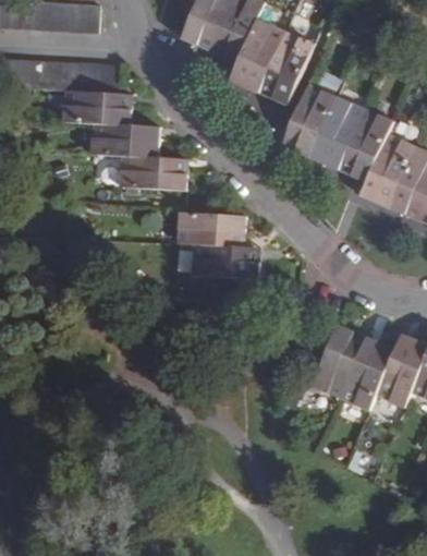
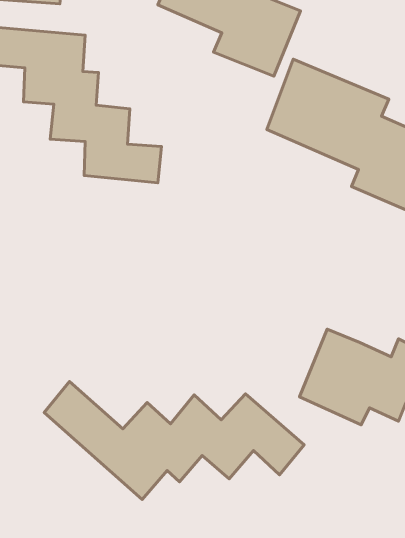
building: [175,213,260,281] -> none
building: none -> [44,382,304,500]

